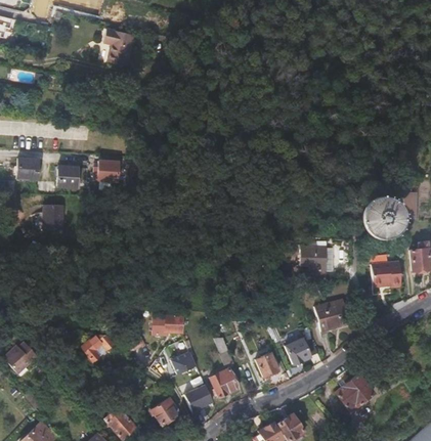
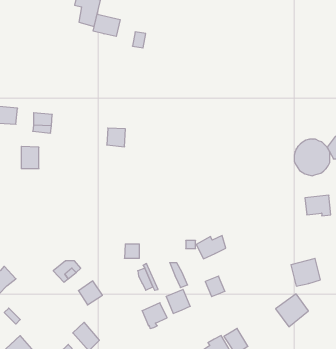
building: none -> [93,14,120,36]
building: [97,161,119,182] -> [107,128,125,147]
building: [300,246,332,276] -> none
building: [314,299,348,330] -> [291,258,320,286]
building: [286,337,319,363] -> [196,236,226,259]
building: [148,395,176,423] -> [78,281,102,305]

